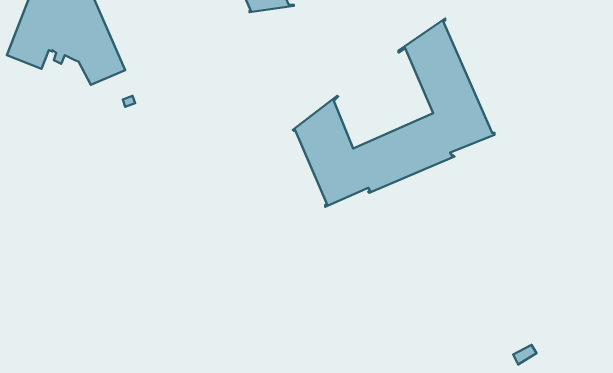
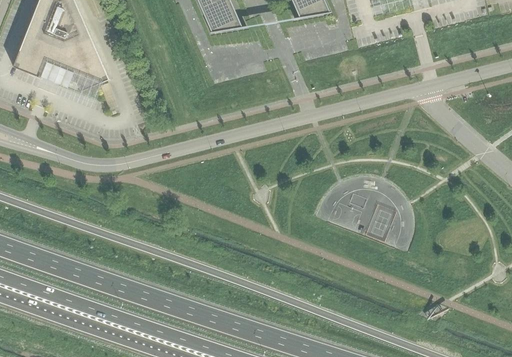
building: [293,18,494,207] -> none

